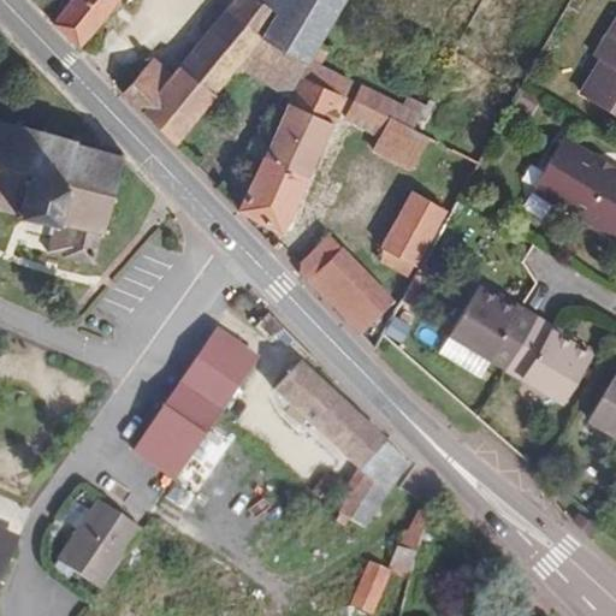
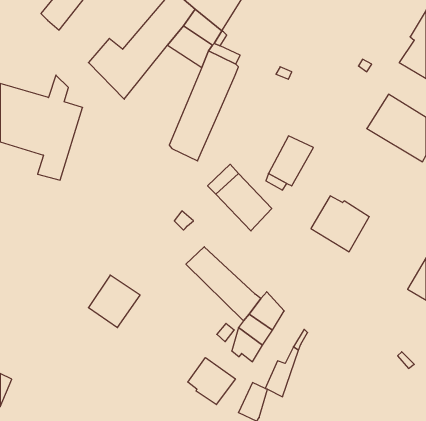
building: [345,100,431,168] -> none
building: [504,313,590,397] -> none
building: [159,322,254,426] -> none
building: [64,505,147,592] -> none
building: none -> [188,358,235,405]

